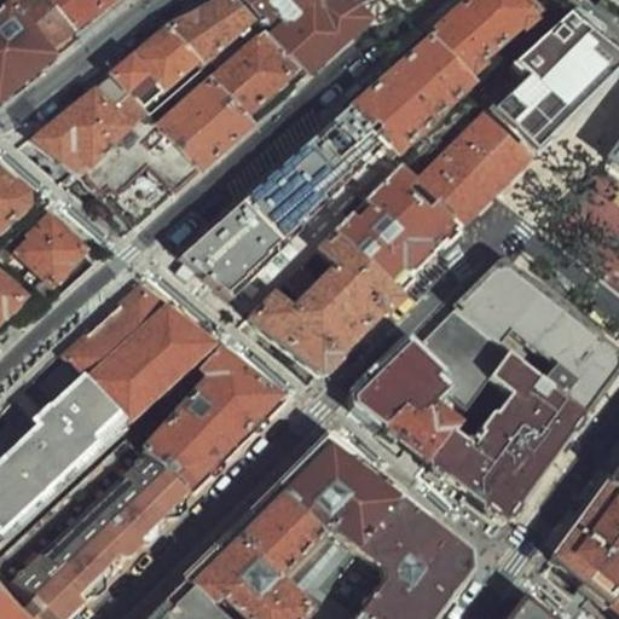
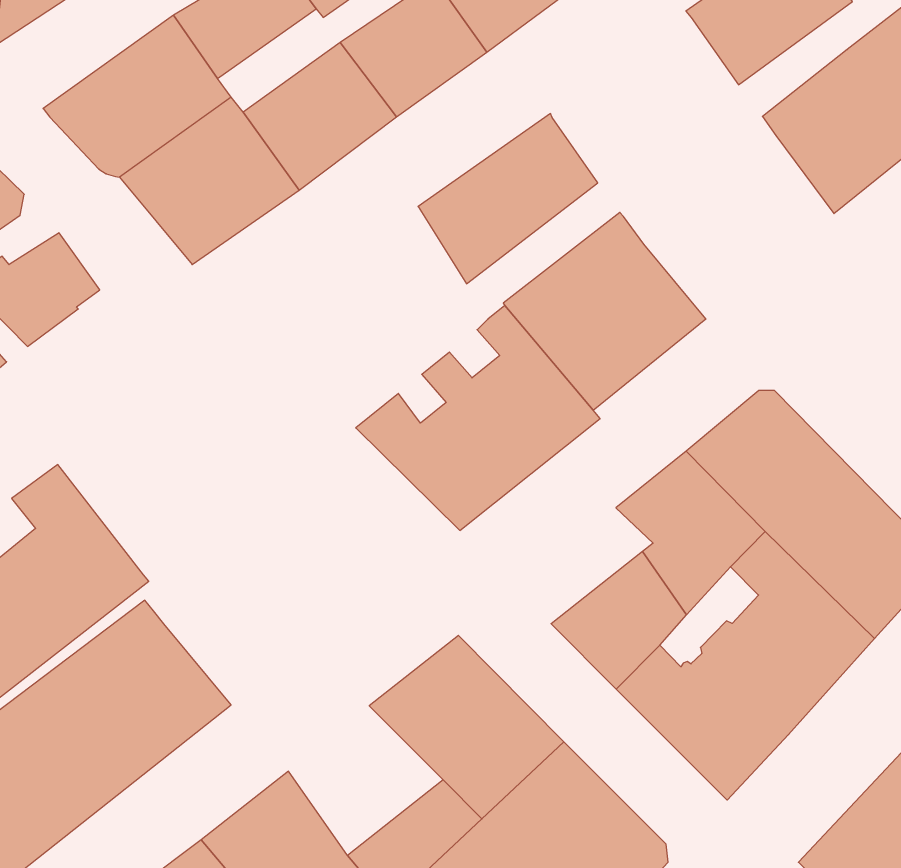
building: [352,36,474,155] -> none
building: [417,104,533,222] -> none
building: [179,172,310,299] -> none
building: [68,287,212,418] -> none
building: [360,341,442,422] -> none
building: [144,347,284,493] -> none
building: [231,485,328,579] -> none

